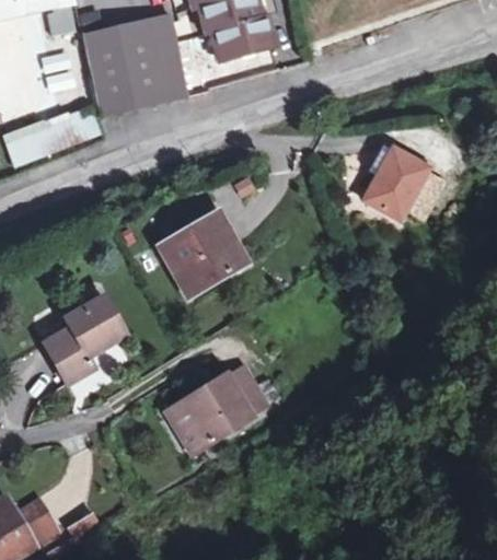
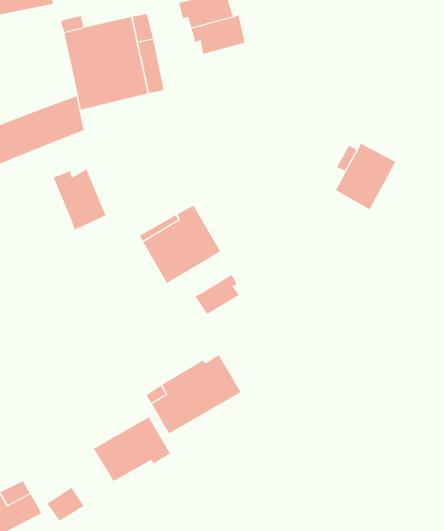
building: none -> [53,169,106,230]
building: none -> [194,274,240,315]
building: [45,298,124,383] -> none
building: none -> [93,416,171,482]

